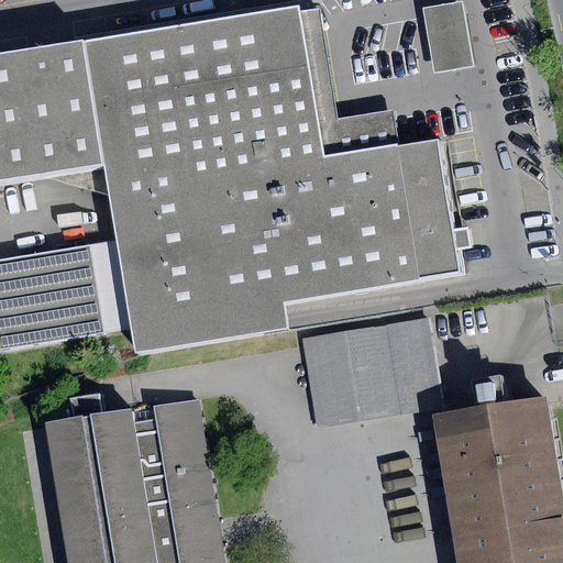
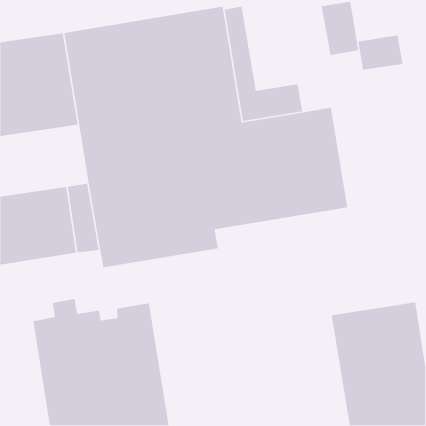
building: none -> [358,34,403,71]
building: [302,319,442,424] -> none

